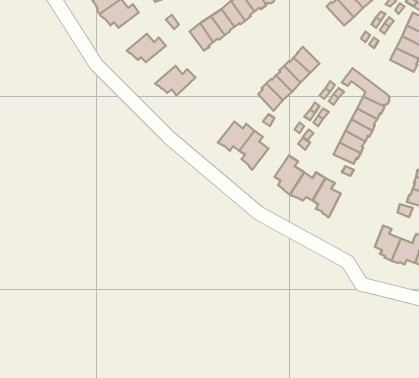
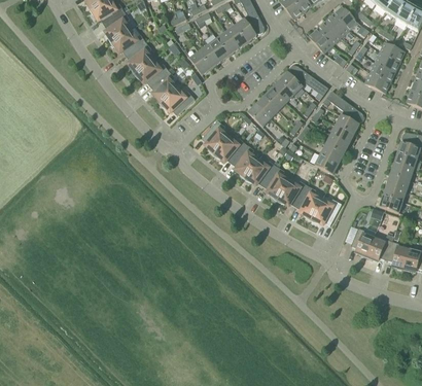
building: none -> [128,41,152,74]
building: none -> [289,65,328,100]
building: none -> [151,70,177,103]
building: none -> [203,119,228,154]
building: none -> [244,160,276,184]
building: none -> [311,199,342,224]

